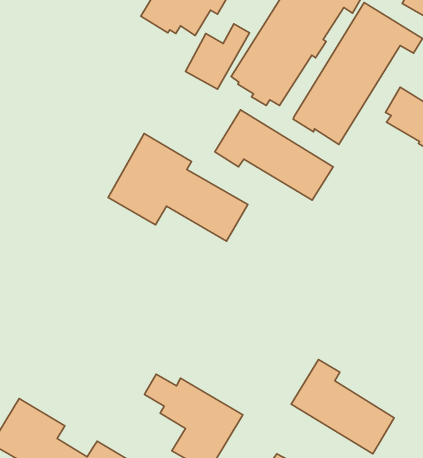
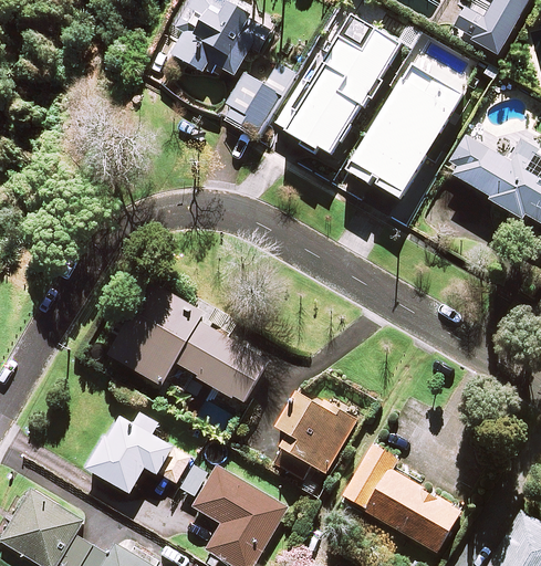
building: [215,110,333,200] -> none
building: [108,133,248,241] -> [107,281,267,403]
building: none -> [273,392,356,480]
building: none -> [84,412,190,493]

